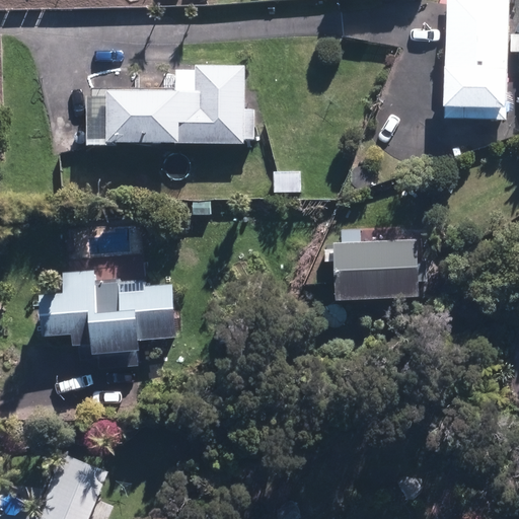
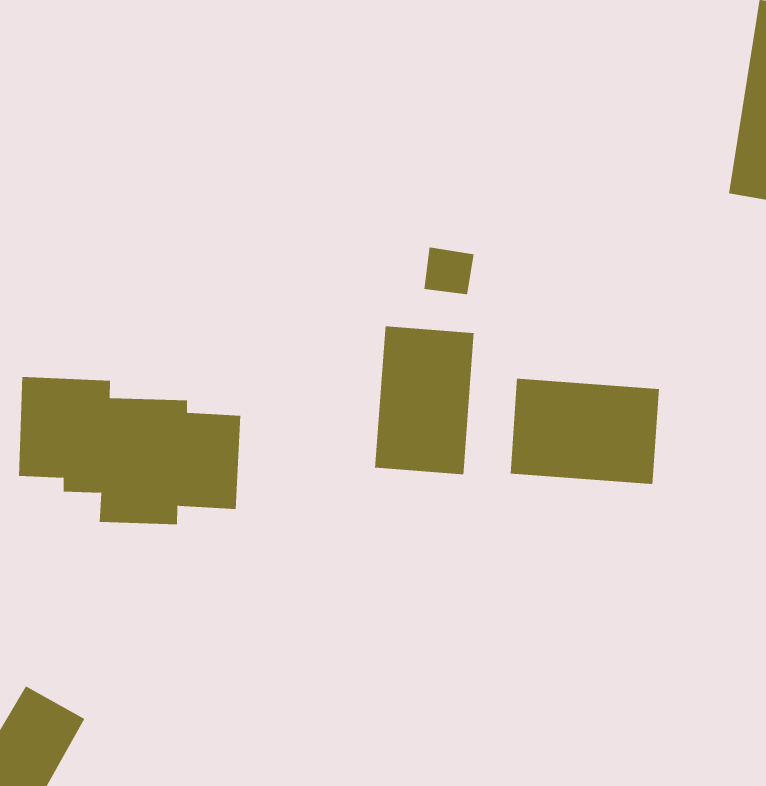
building: [89,64,252,145] -> none
building: none -> [375,325,474,475]

